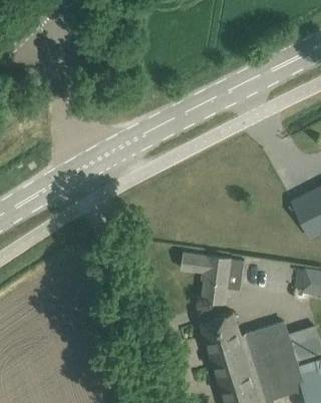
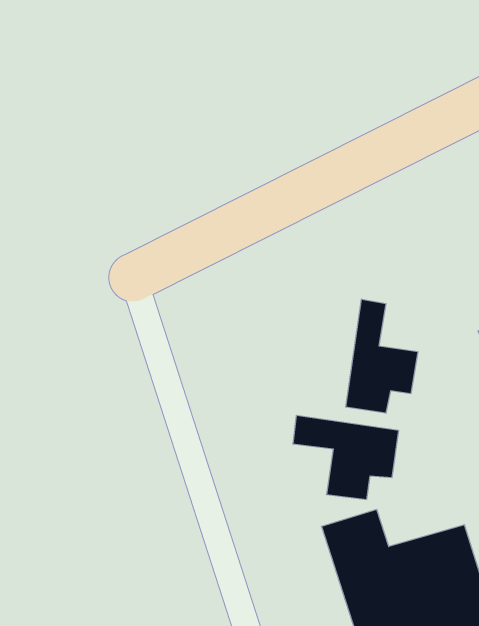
building: none -> [346,299,418,413]

